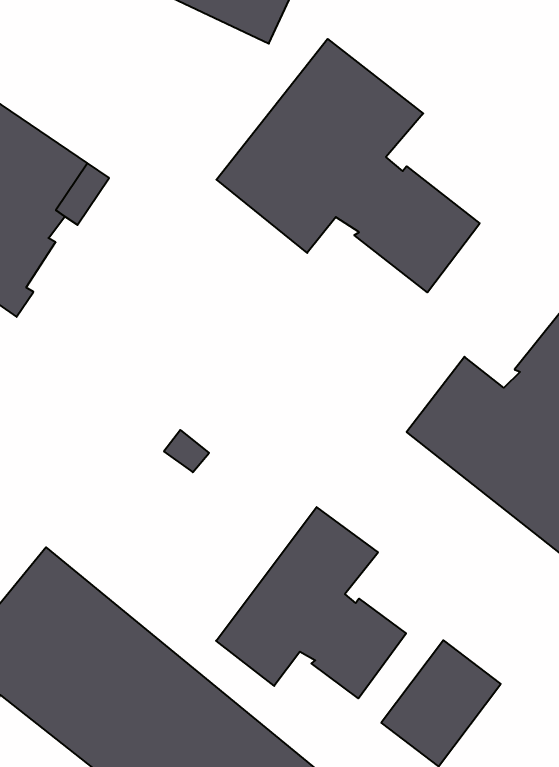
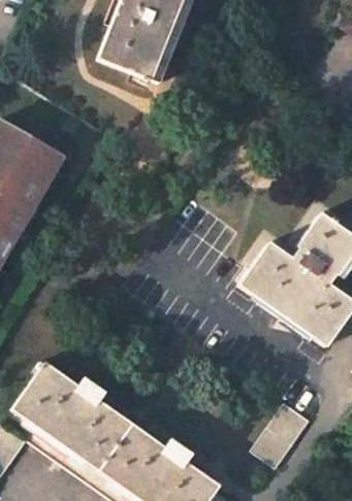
building: [216,39,480,292] -> none
building: [216,507,406,698] -> none

